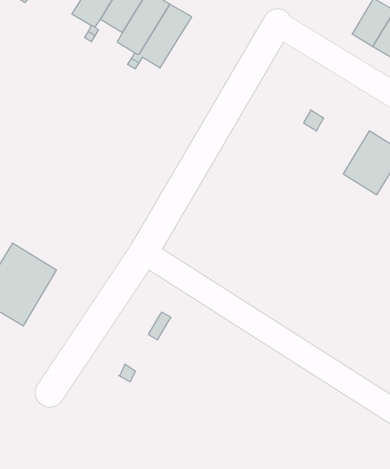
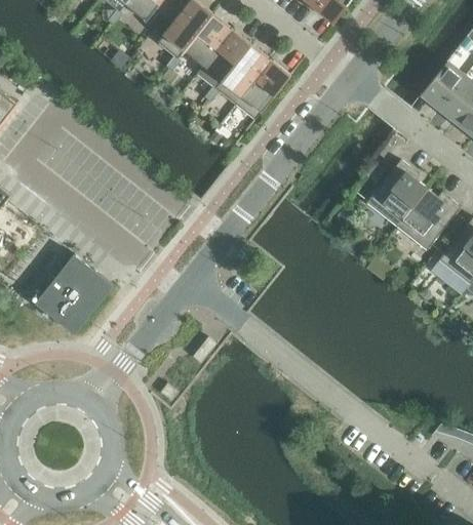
building: none -> [233,59,289,121]
building: none -> [364,160,425,227]

